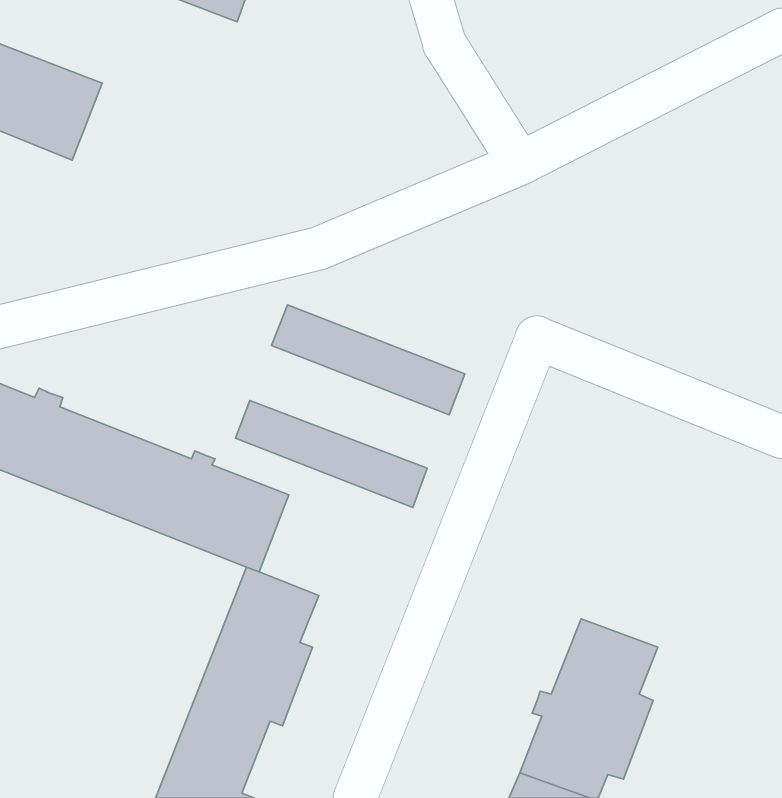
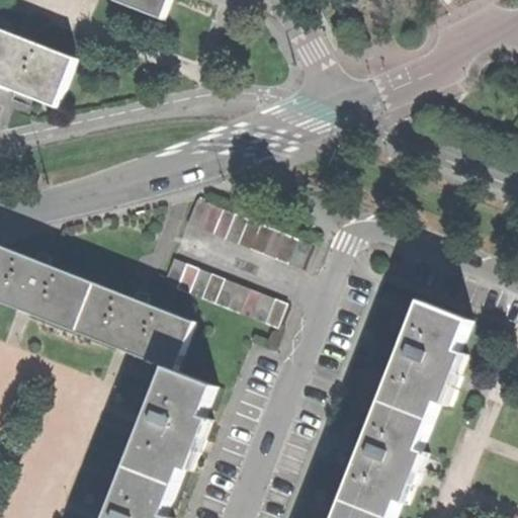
building: none -> [374,299,462,417]

